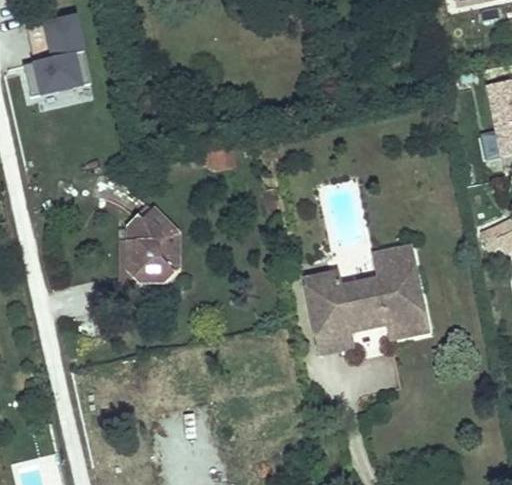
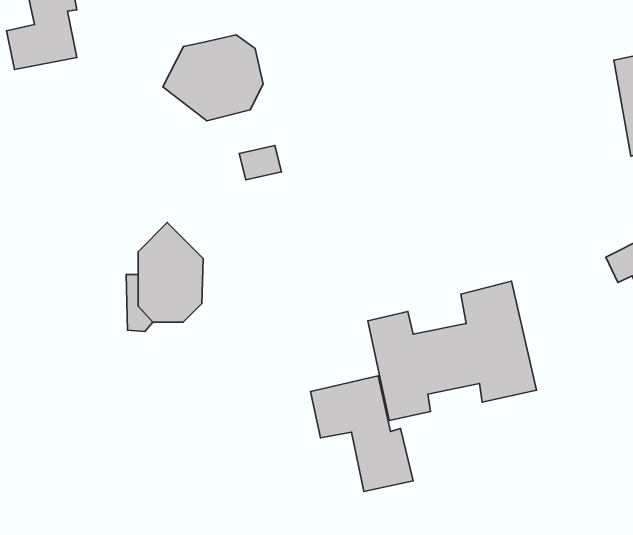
building: none -> [163,35,263,121]
building: none -> [310,376,413,491]

